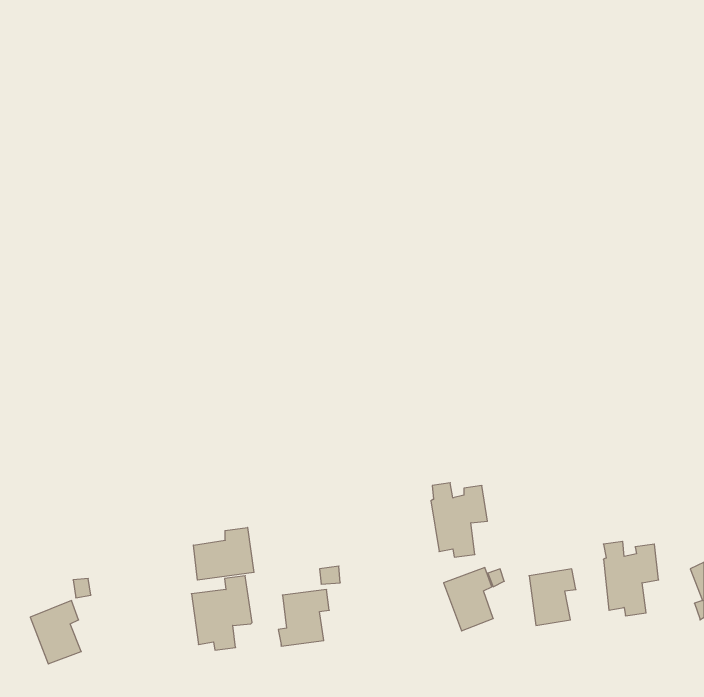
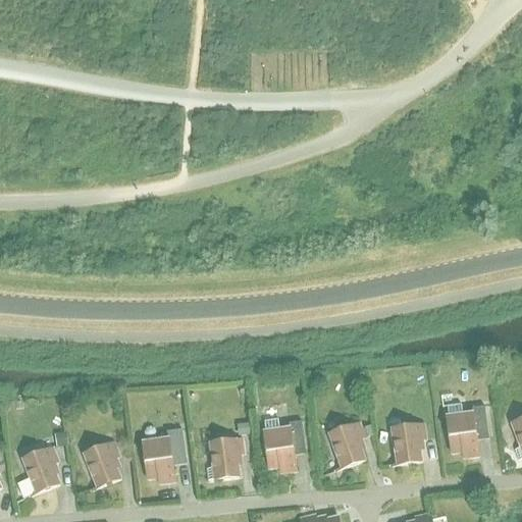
building: [431,483,487,557] -> [263,416,305,471]
building: [193,527,254,580] -> none
building: none -> [84,439,120,486]

